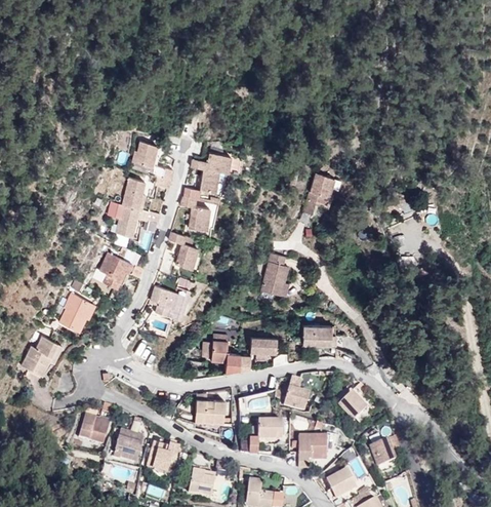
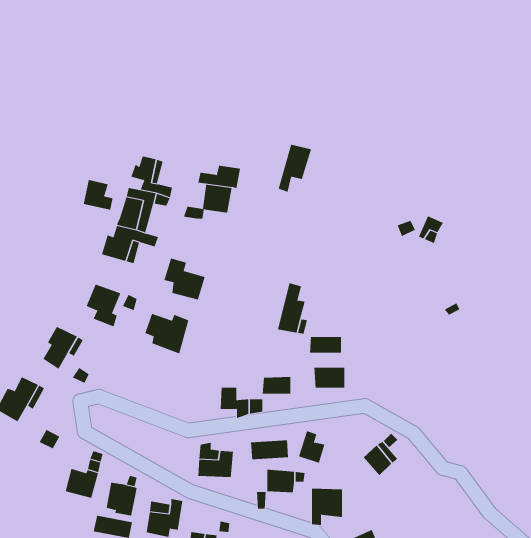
building: none -> [83,179,113,211]
building: [303,176,333,218] -> [278,144,312,192]
building: [179,196,211,232] -> none
building: none -> [309,336,341,354]
building: [369,438,395,467] -> none

